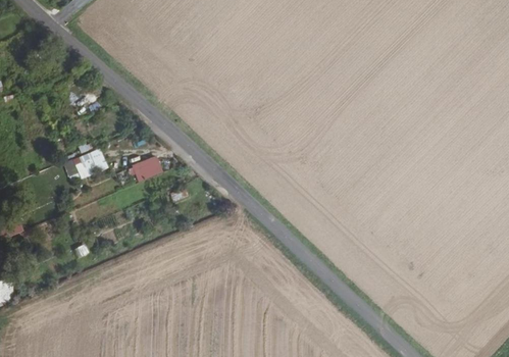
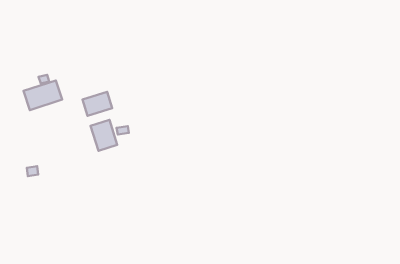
building: none -> [91,120,117,151]

